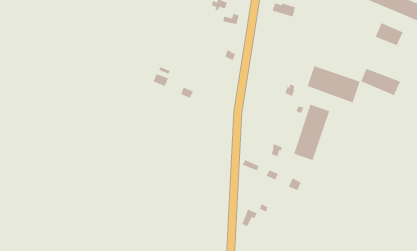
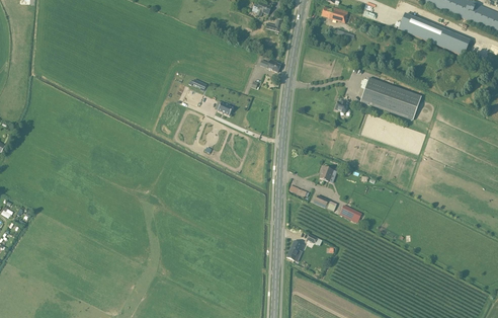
building: [360,68,401,96] -> [400,13,445,45]
building: [294,104,330,161] -> none

